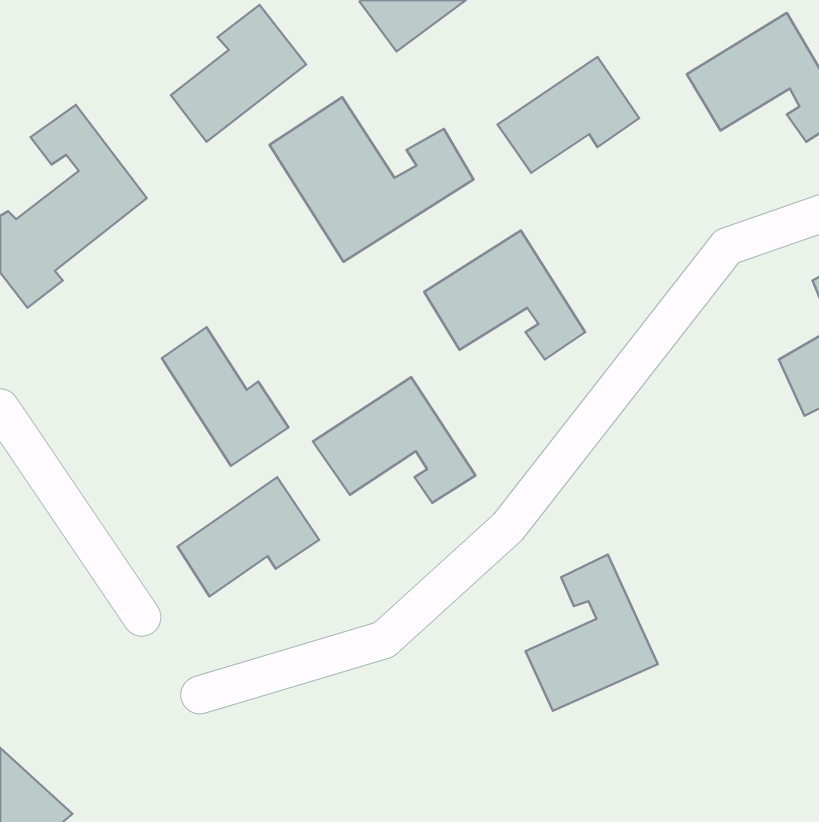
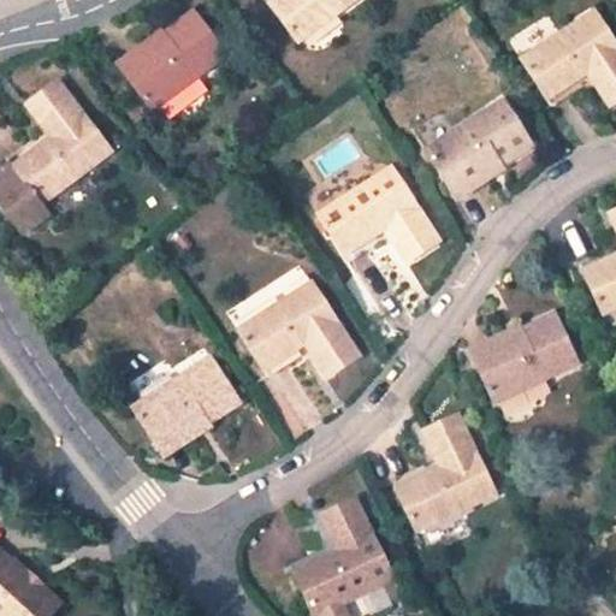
building: [497,57,639,173] -> [427,102,533,189]
building: [269,97,473,262] -> none
building: [162,327,289,466] -> none
building: none -> [473,313,574,404]
building: none -> [295,493,393,610]

